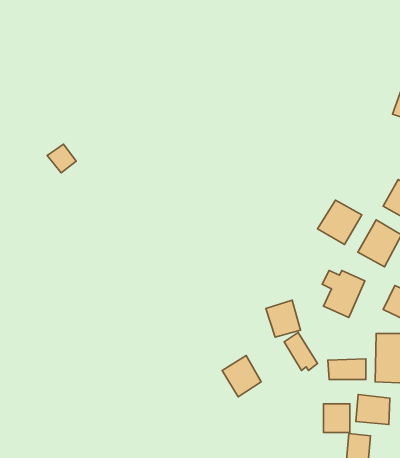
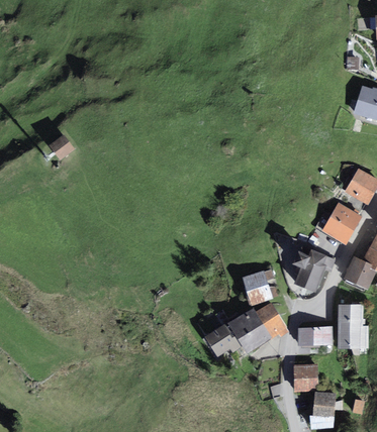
building: [318,200,362,245] -> none
building: none -> [227,308,270,351]
building: [356,395,390,425] -> none

